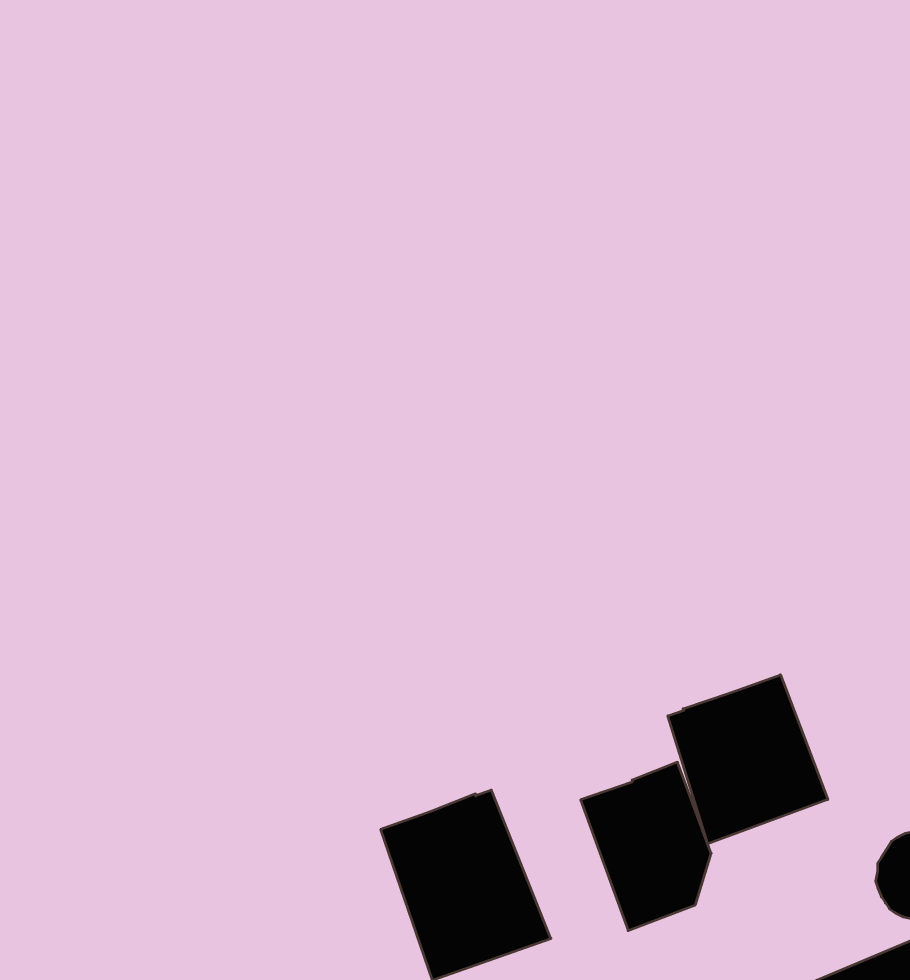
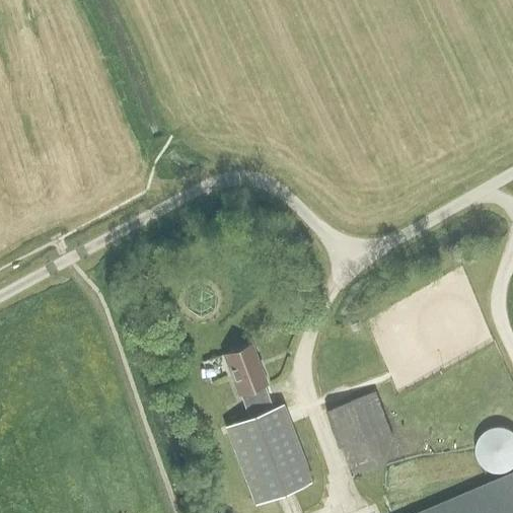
building: none -> [224,344,275,417]
building: [668,675,828,844] -> none

